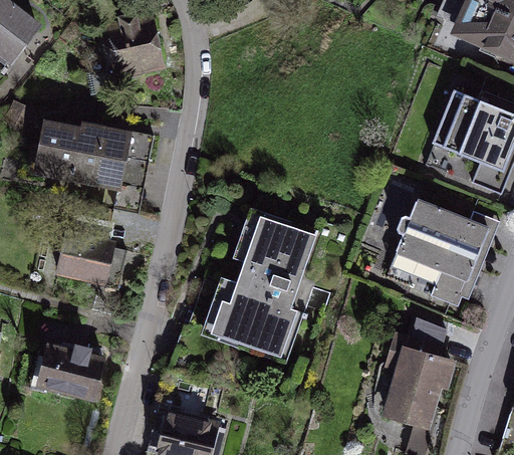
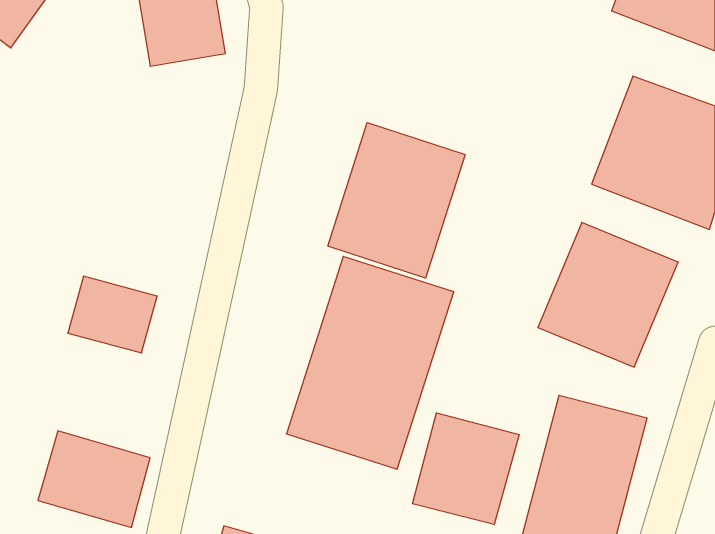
building: [30,115,137,191] -> none
building: none -> [328,123,465,278]
building: none -> [412,413,519,525]

